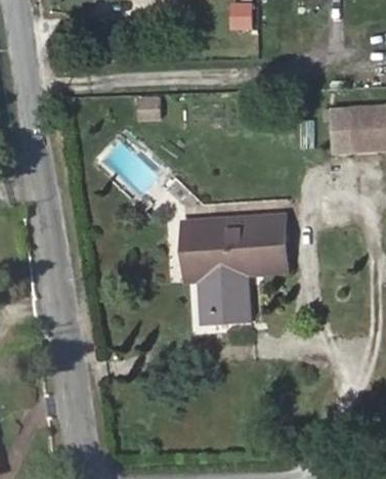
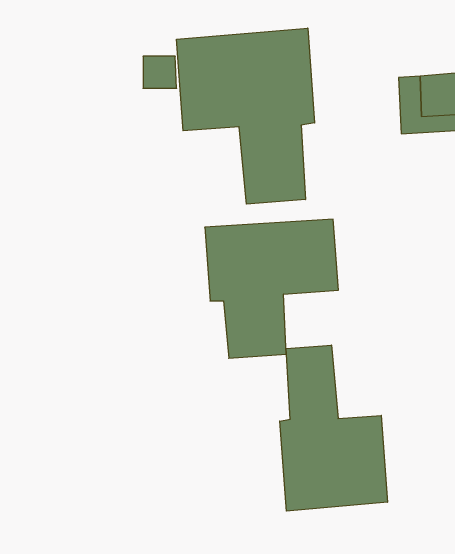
building: none -> [177,28,315,204]
building: none -> [280,345,387,511]

